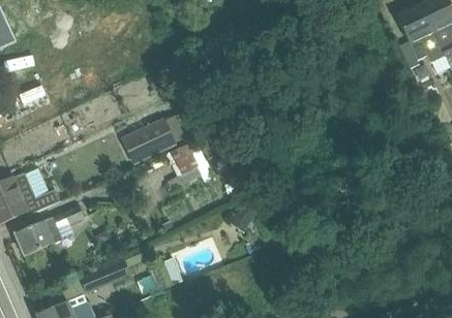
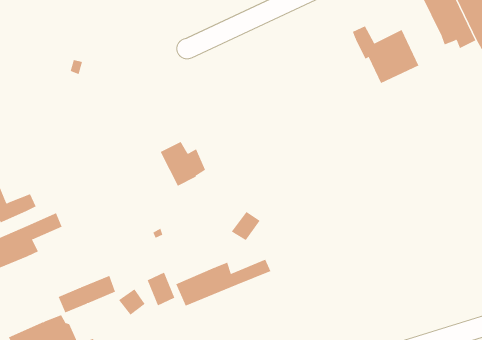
building: none -> [352,26,419,84]
building: [121,119,175,163] -> none
building: none -> [175,259,271,307]

